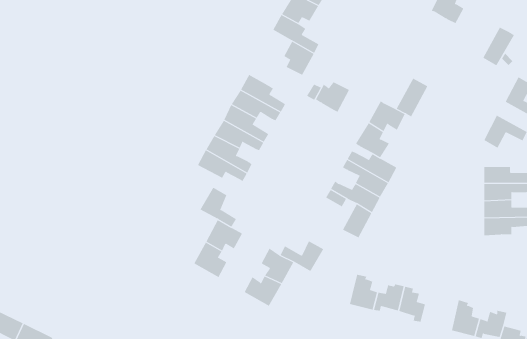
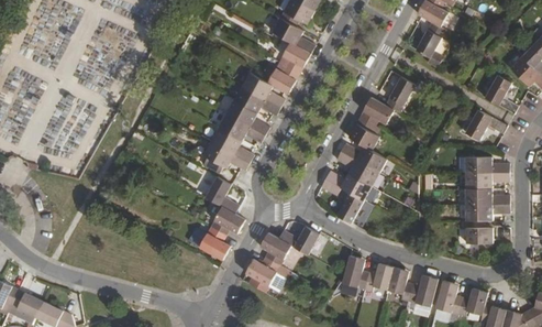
building: [483,27,515,66] -> [416,22,445,58]
building: [315,82,350,113] -> [267,66,299,95]
building: none -> [465,220,491,243]
building: none -> [408,276,436,307]

